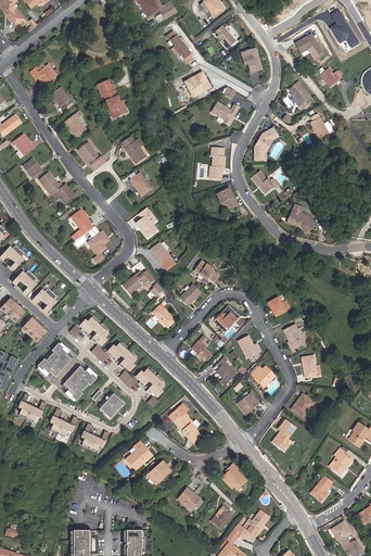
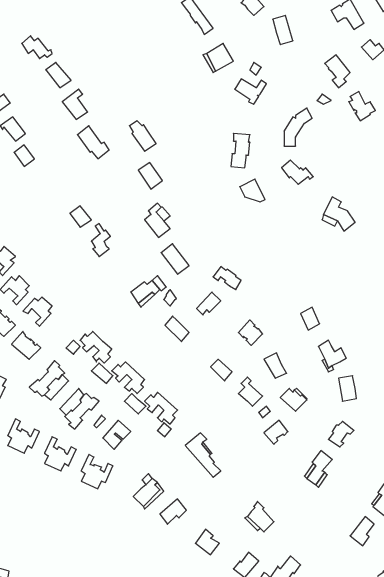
building: [98,80,127,116] -> none
building: [39,170,74,202] -> none

